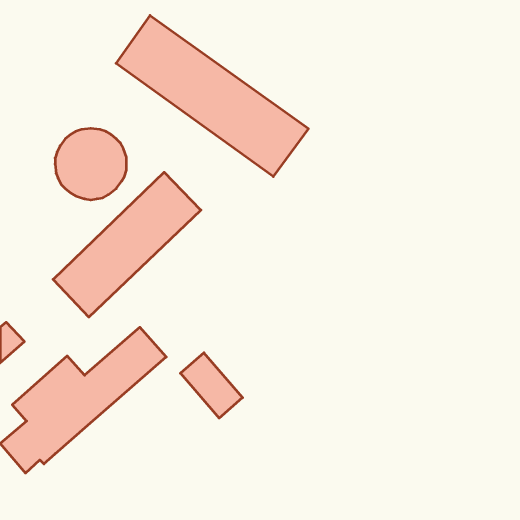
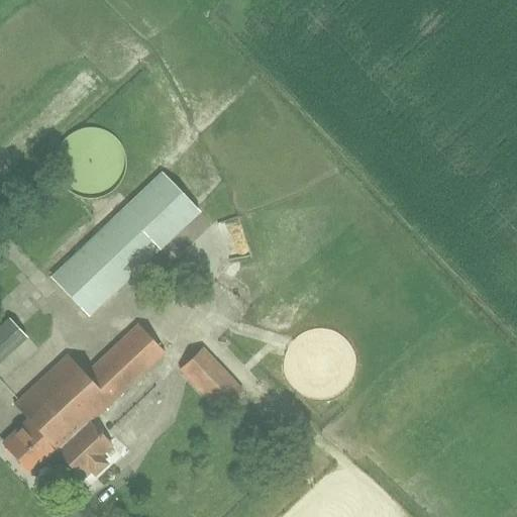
building: [116,15,308,177] -> none
building: none -> [56,421,108,472]

